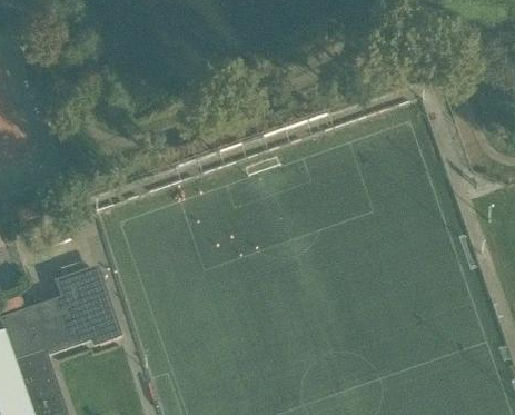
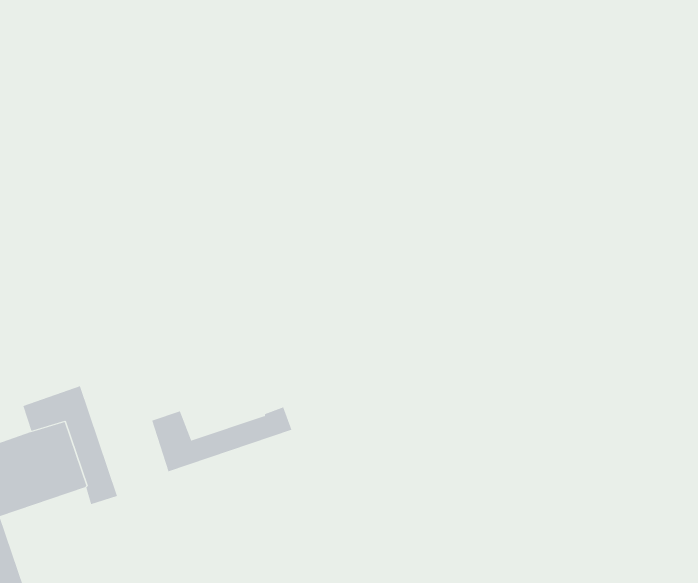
building: none -> [151,406,292,472]

